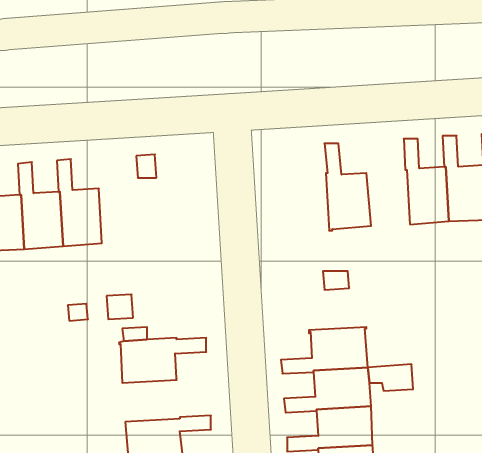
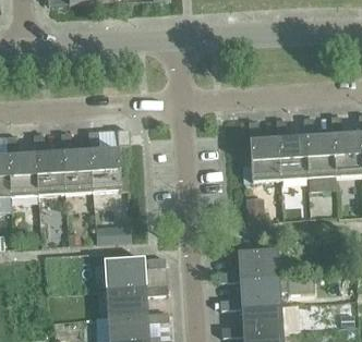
building: none -> [276,119,307,179]
building: none -> [87,131,121,191]
building: none -> [106,284,167,316]

